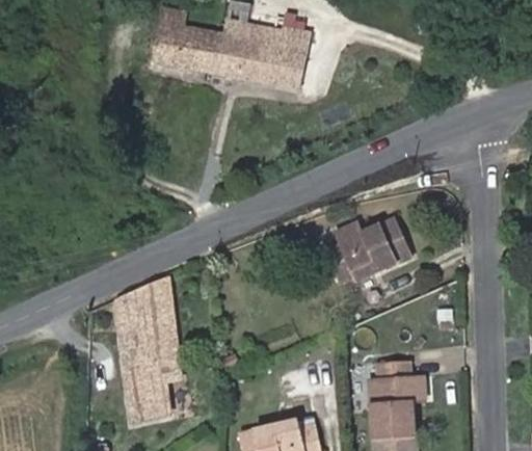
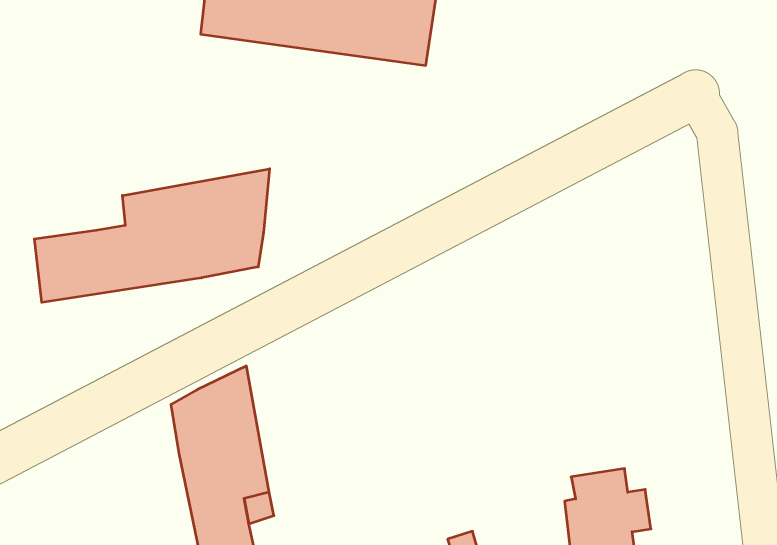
building: none -> [34,169,270,302]
building: [325,218,411,281] -> none

